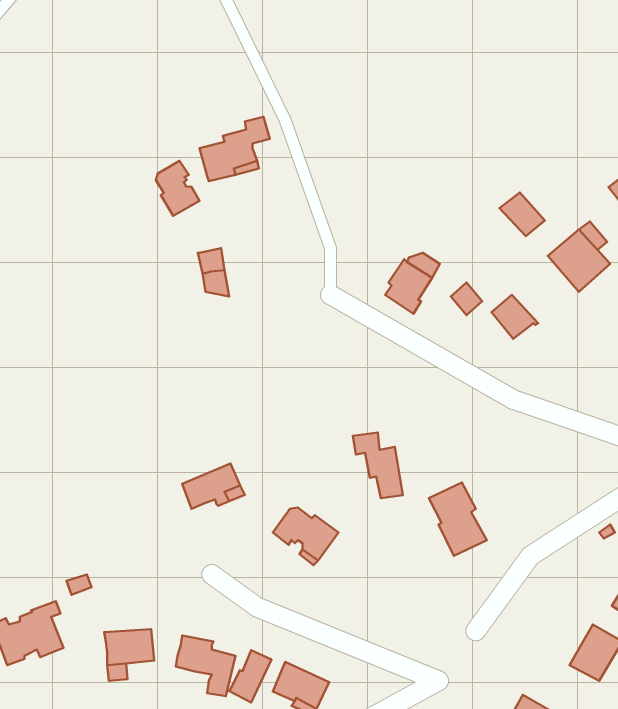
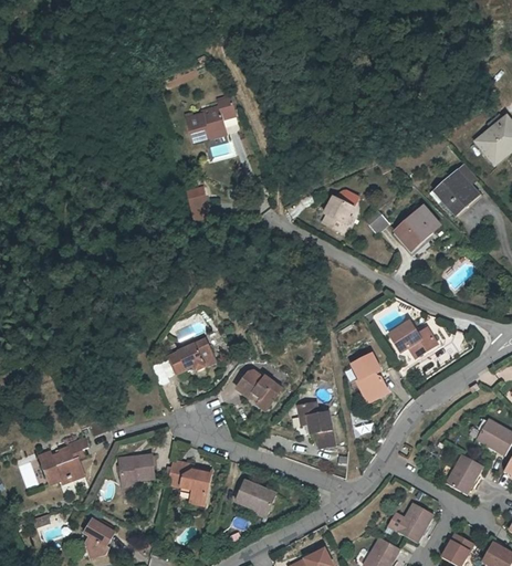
building: [156,161,199,216] -> none
building: [499,193,545,236] -> [406,209,438,240]
building: [353,433,403,498] -> [299,402,334,449]
building: none -> [385,321,437,359]
building: [230,650,271,703] -> none

